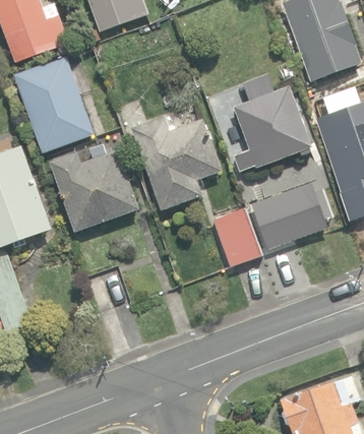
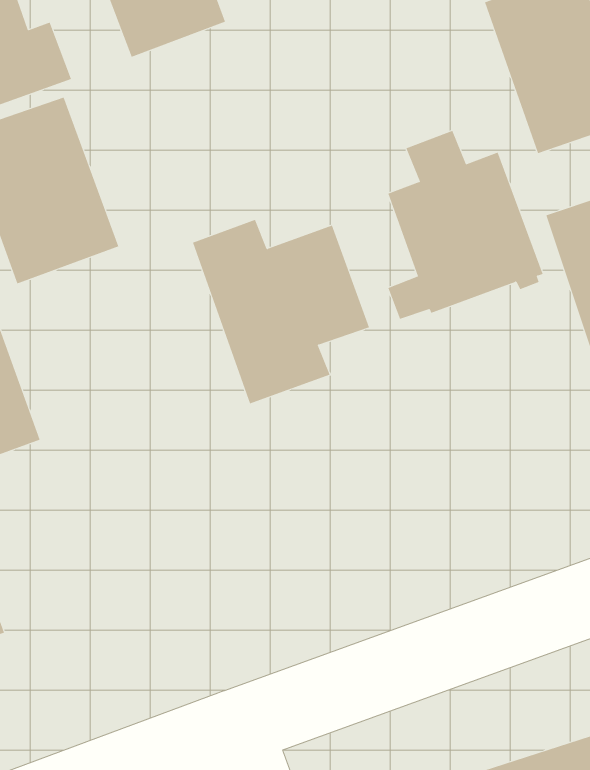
building: [49,139,137,228] -> none
building: [250,178,327,246] -> none
building: [213,208,262,267] -> none

